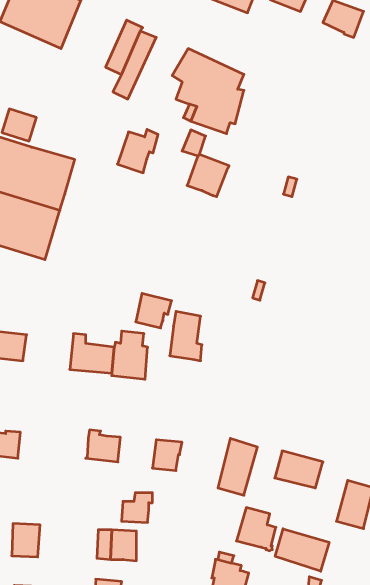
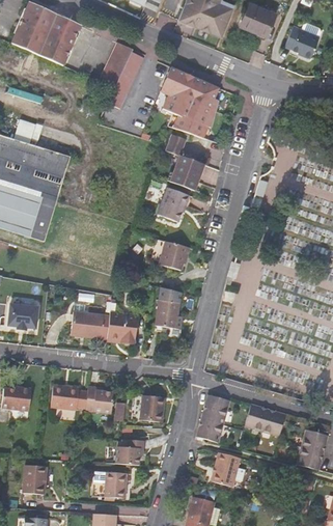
building: [117,129,158,173] -> [158,185,192,221]
building: [136,293,172,328] -> [160,240,190,269]
building: none -> [52,384,87,409]
building: [275,529,329,571] -> none

